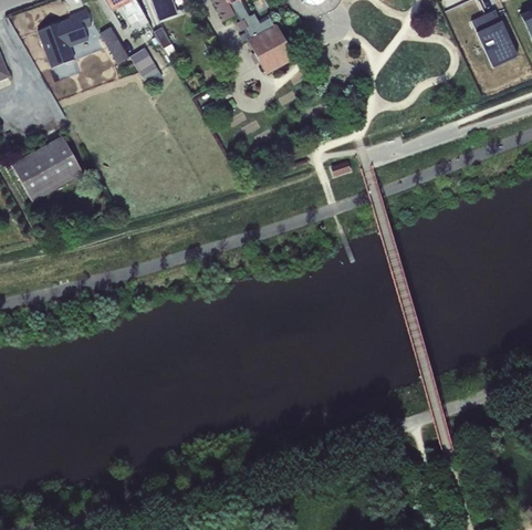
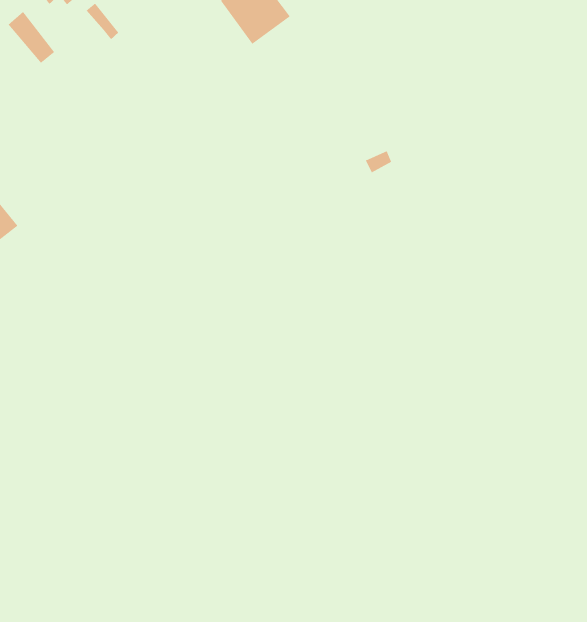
building: [131,46,163,81] -> none

